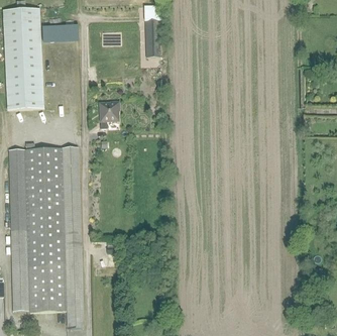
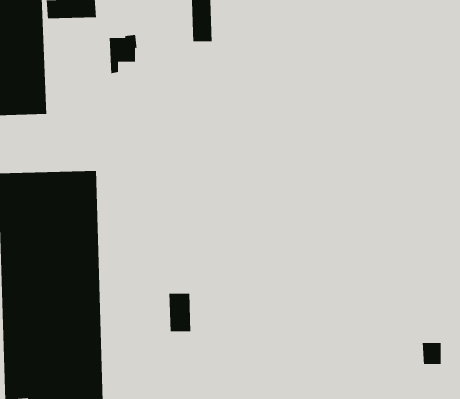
building: [100,101,120,129] -> [109,34,137,74]
building: none -> [169,293,191,332]

